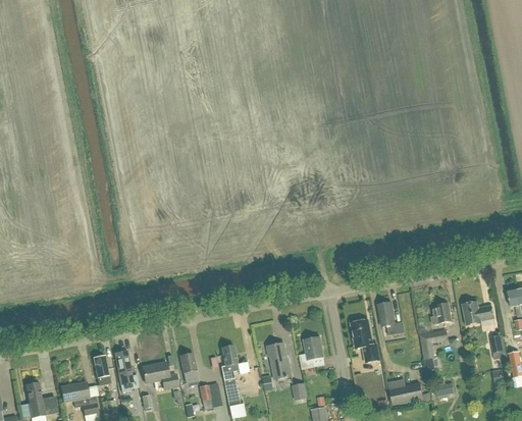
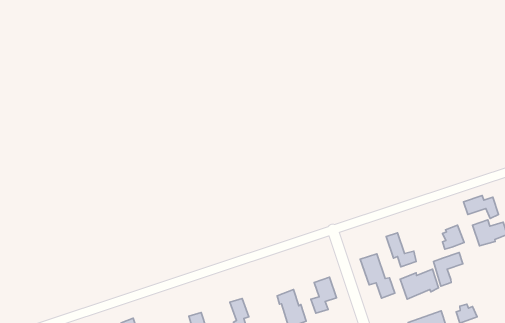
building: none -> [464,195,498,219]
building: none -> [400,269,439,299]

